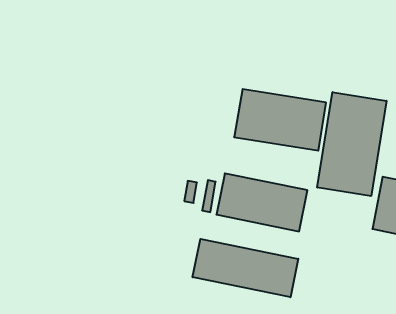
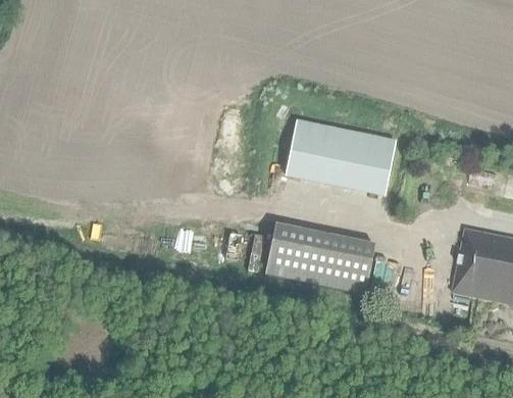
building: [317,92,386,196] -> none
building: [193,239,298,297] -> none

